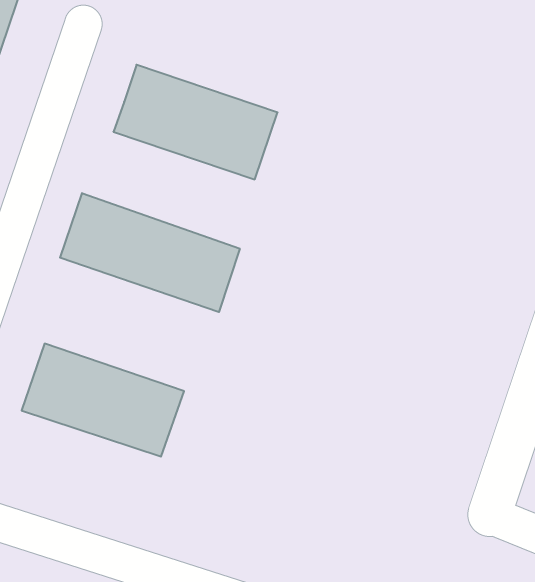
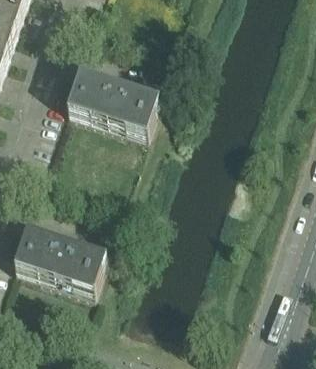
building: [60,193,240,312] -> none

